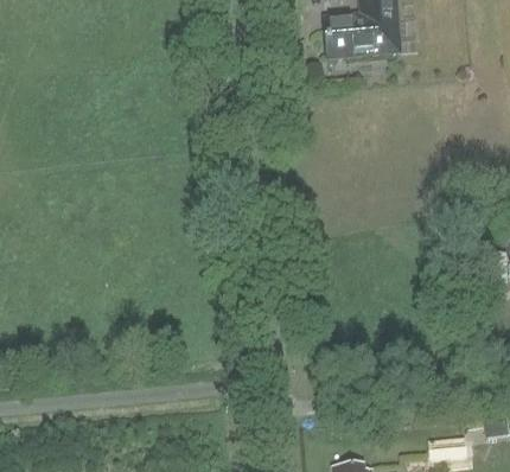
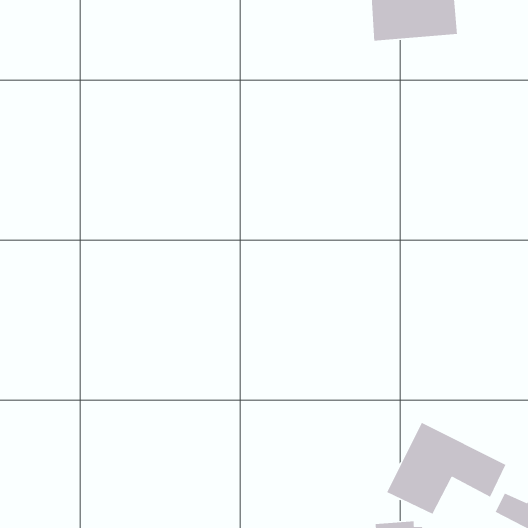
building: none -> [386,422,507,515]

